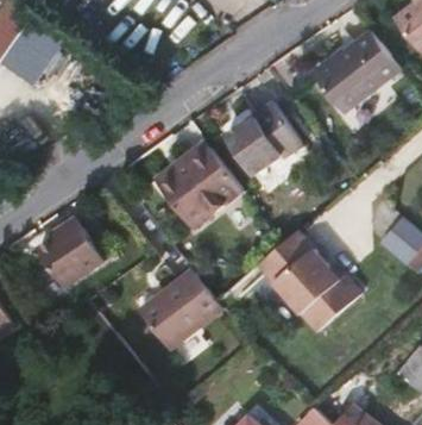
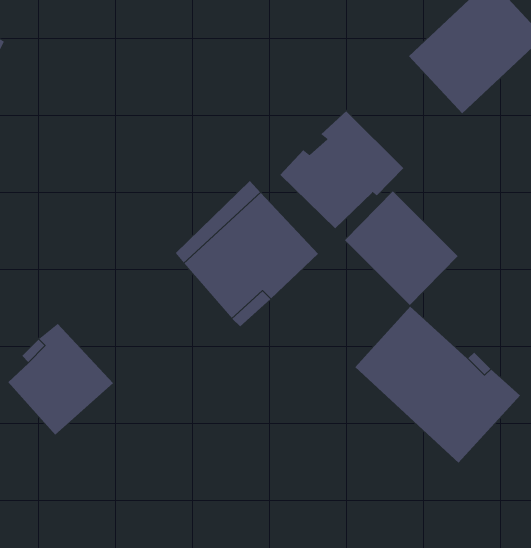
building: none -> [344,191,458,306]
building: [139,269,222,350] -> none

